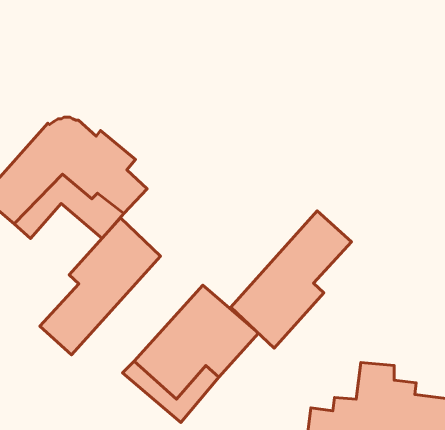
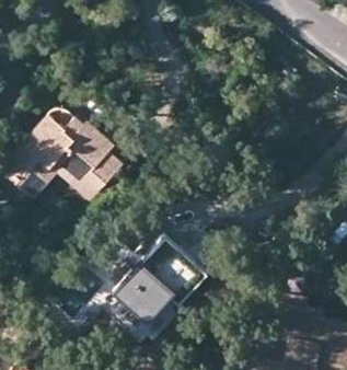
building: [231,211,352,348] -> none
building: [40,218,160,355] -> none

